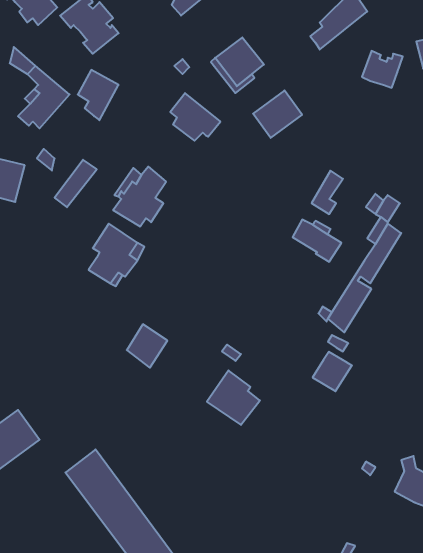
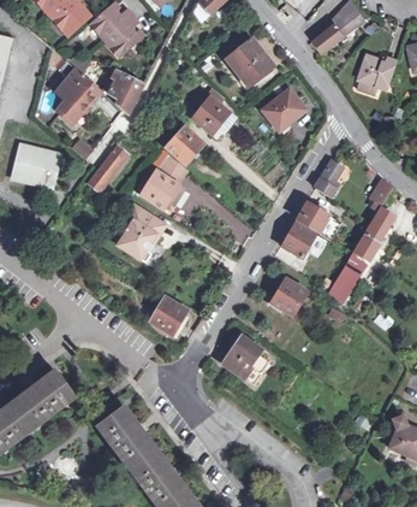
building: none -> [165,125,203,163]
building: none -> [281,223,315,258]
building: [313,352,352,391] -> [273,278,308,313]

